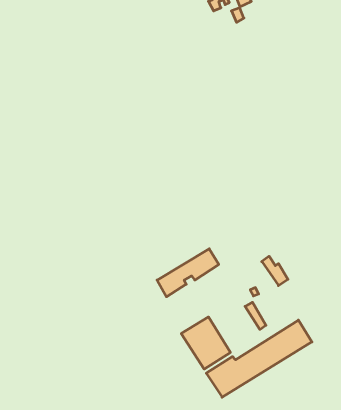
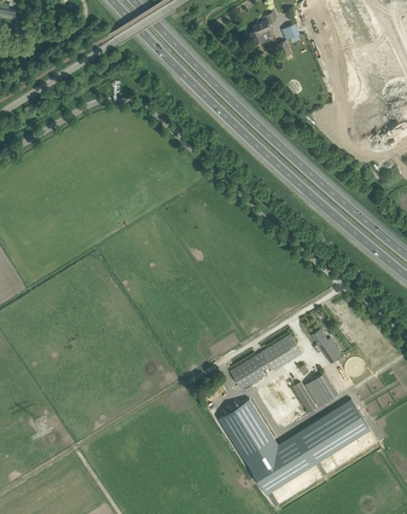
building: [157,249,219,297] -> [229,334,301,389]
building: none -> [303,372,337,406]

